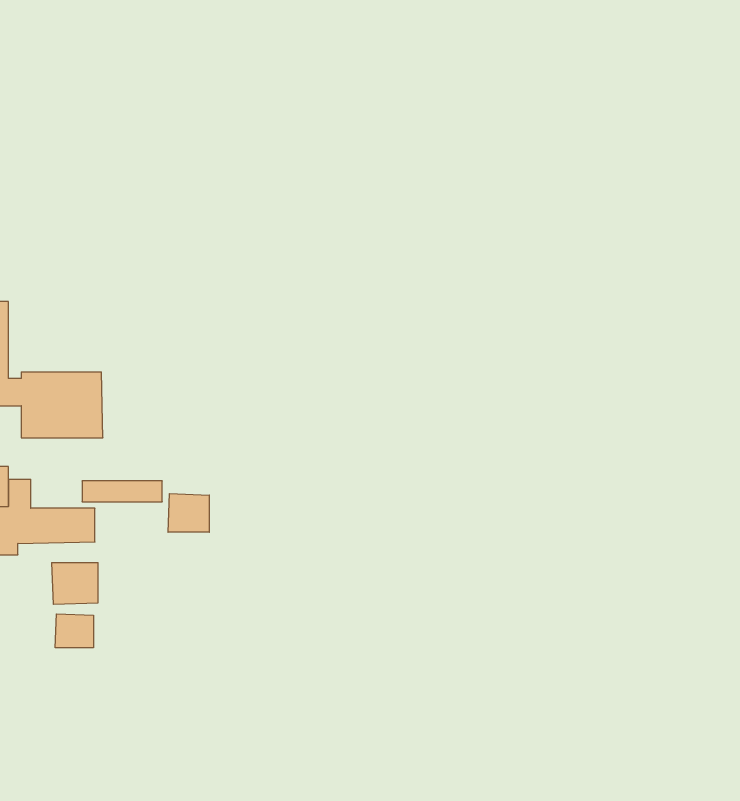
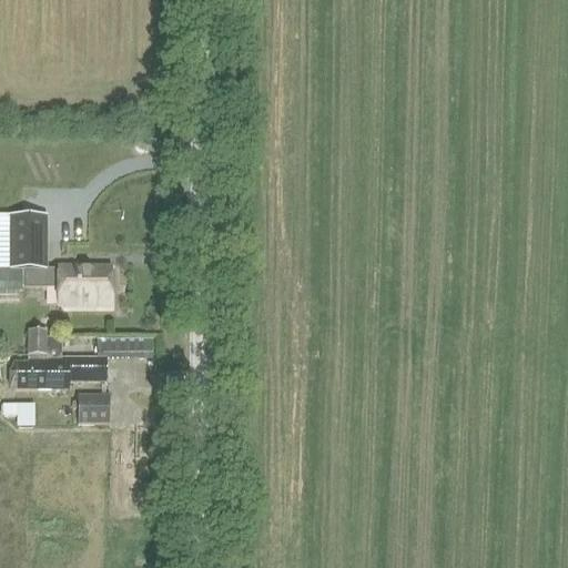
building: [168,494,209,532] -> none
building: [55,614,93,648] -> none

